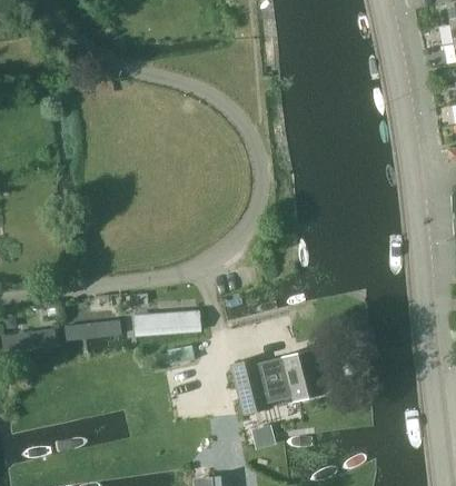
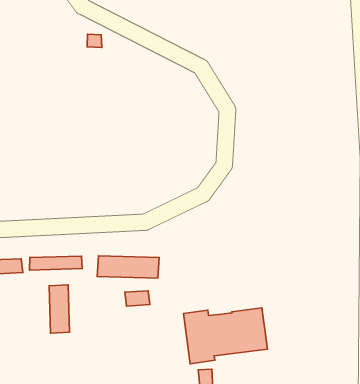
building: none -> [49,285,69,333]

